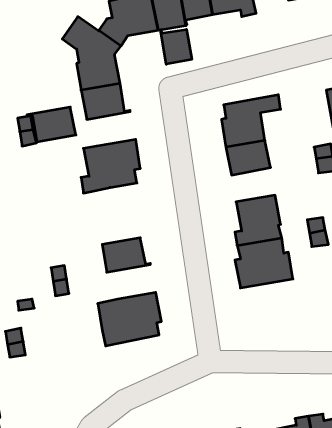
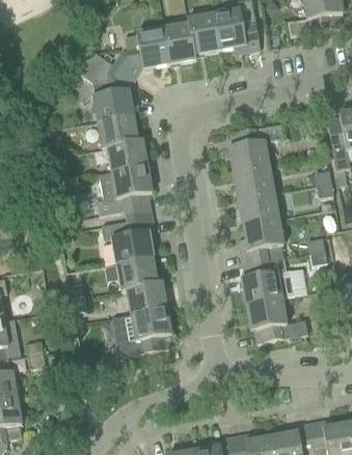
building: [160,29,192,64] -> none
building: [27,107,76,142] -> [103,139,148,171]
building: none -> [238,191,278,223]
building: none -> [102,216,155,262]
building: none -> [121,281,167,313]
building: none -> [246,296,308,342]

